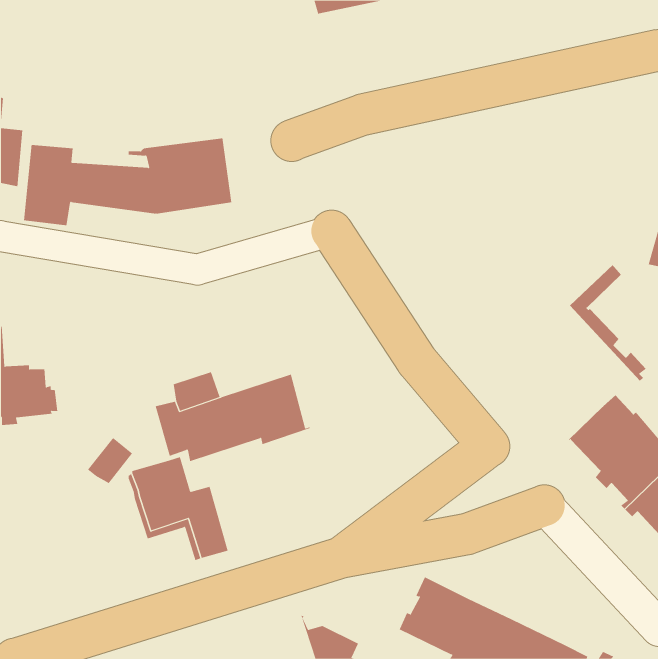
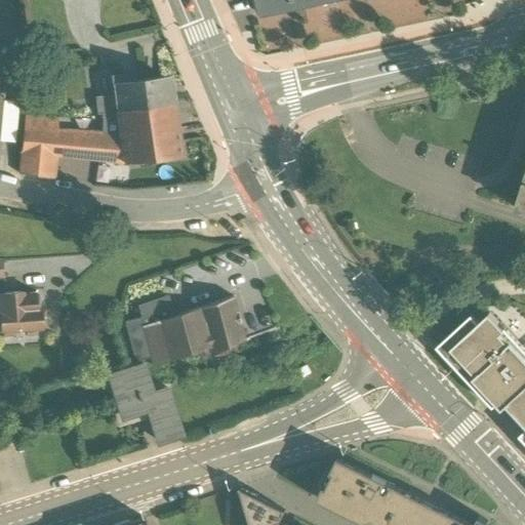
building: none -> [96,77,178,120]
building: [569,264,646,382] -> [438,315,499,408]
building: [87,437,133,484] -> none

